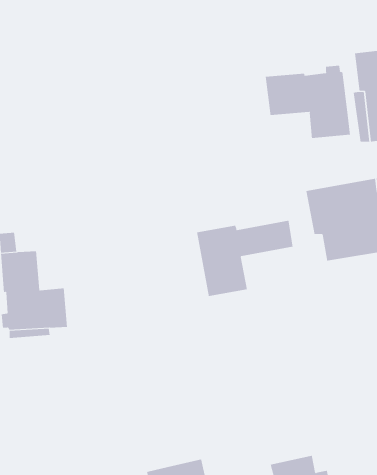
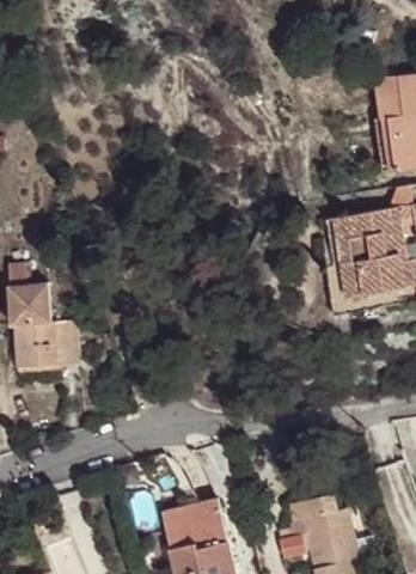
building: [265,65,351,139] -> none
building: [197,220,293,297] -> none

